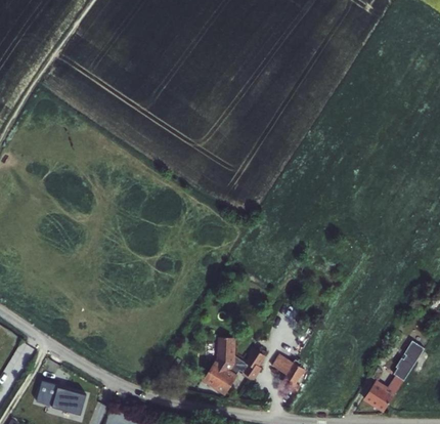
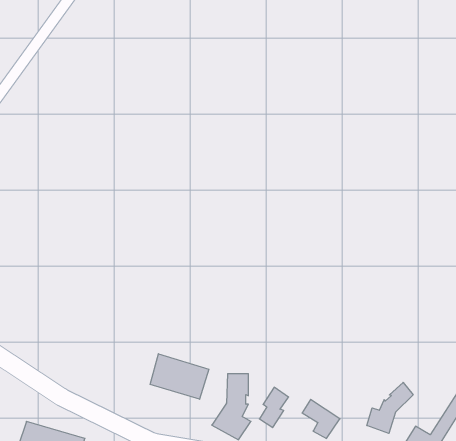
building: none -> [150,354,209,399]
building: none -> [367,382,413,433]

